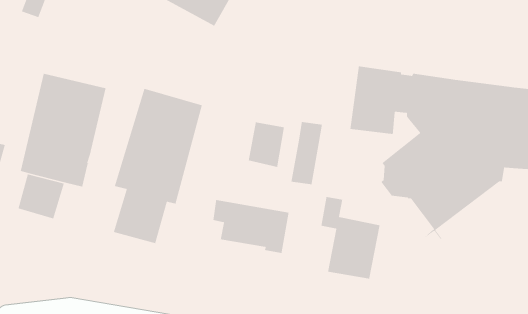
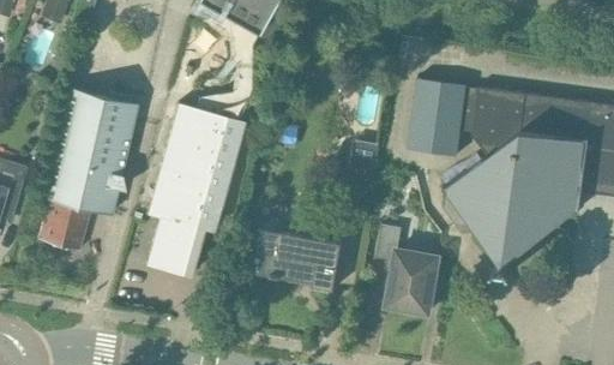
building: [248,122,285,168] -> none

